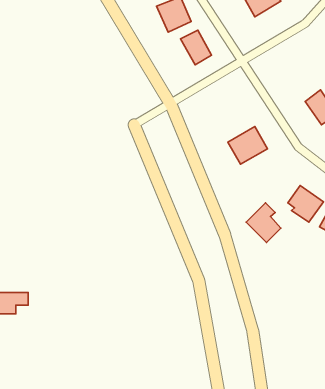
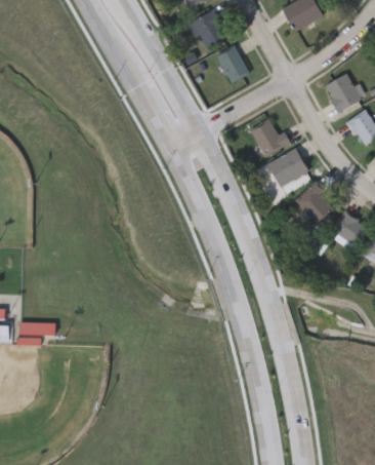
building: none -> [324,72,361,111]
building: none -> [250,119,291,157]
building: [246,203,281,242] -> [295,180,332,222]

